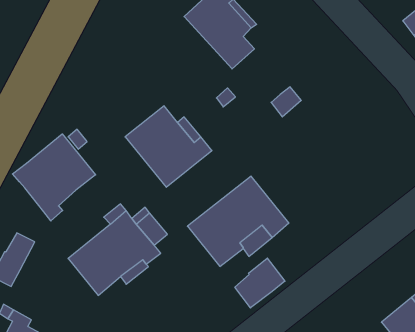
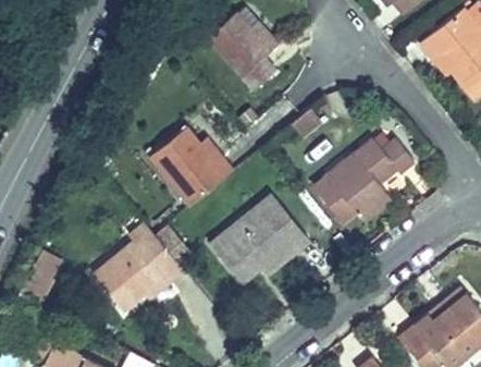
building: none -> [313,137,415,223]
building: [12,134,96,221] -> none
building: [235,258,285,308] -> none

